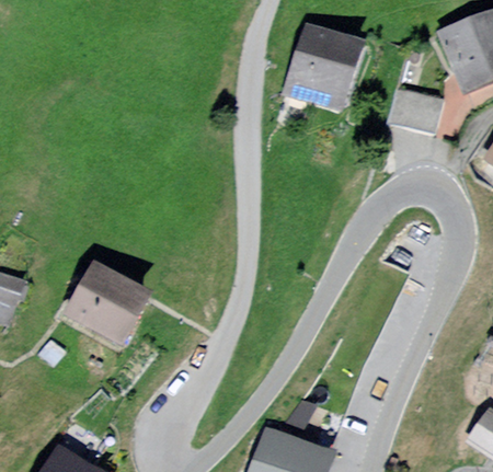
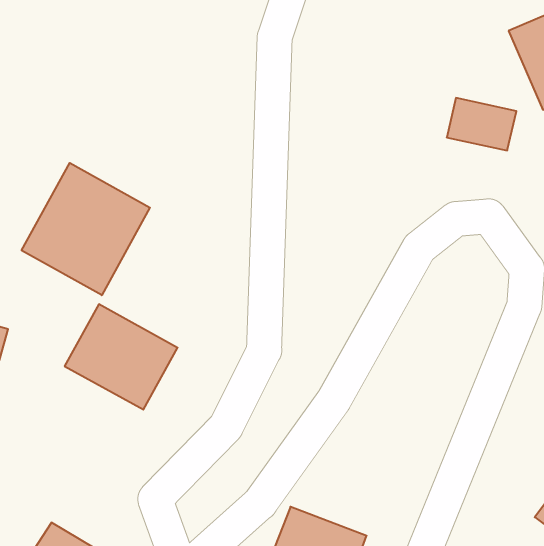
building: [284,22,375,114] -> none
building: none -> [22,163,150,295]

